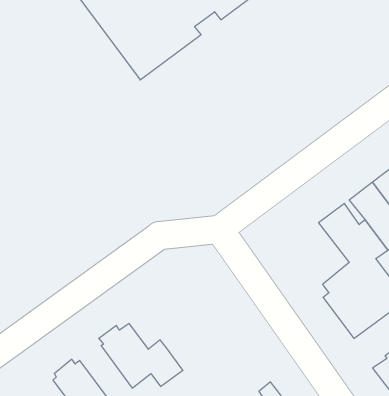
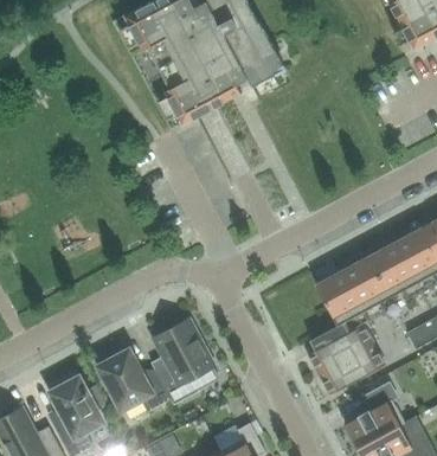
building: none -> [154,317,214,404]

